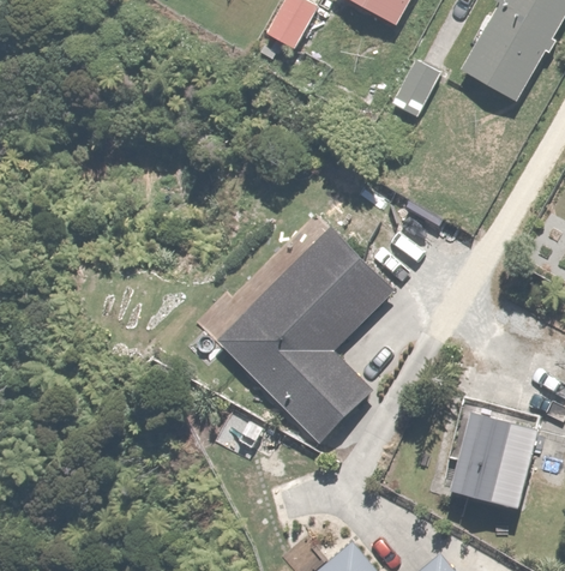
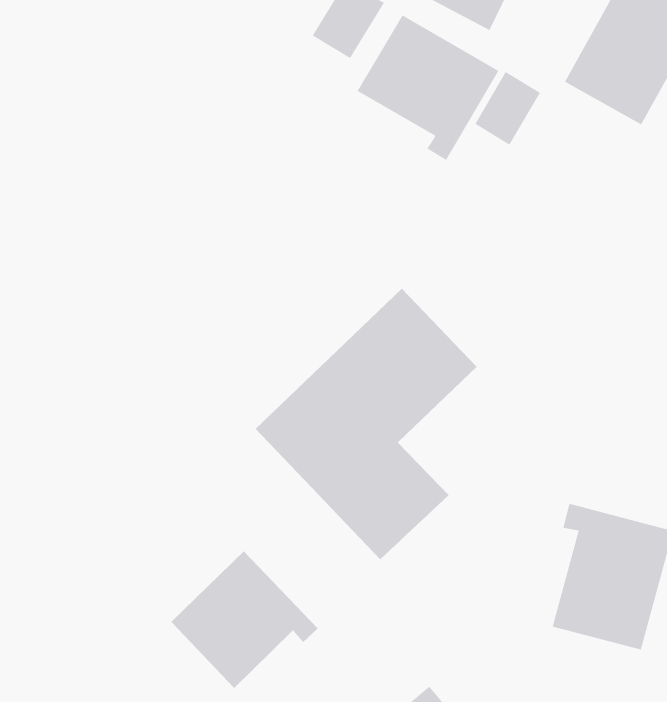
building: none -> [357,15,499,161]
building: none -> [171,550,319,689]

